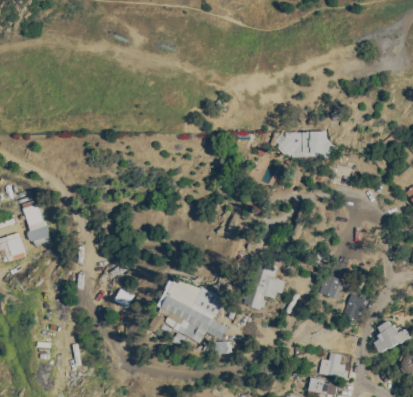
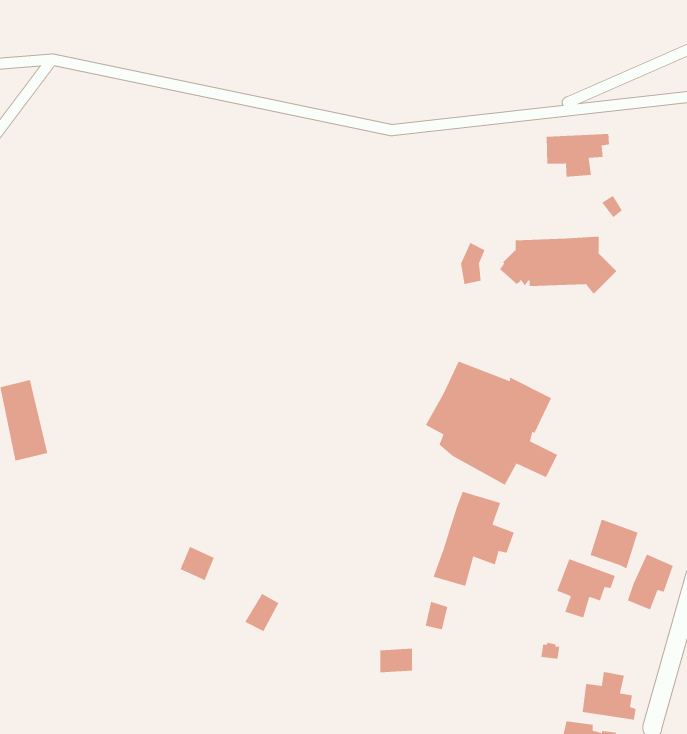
building: none -> [546,133,610,177]
building: [159,278,227,342] -> [425,360,558,486]
building: none -> [556,558,616,618]

